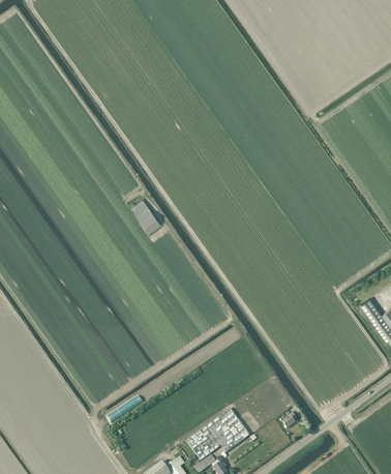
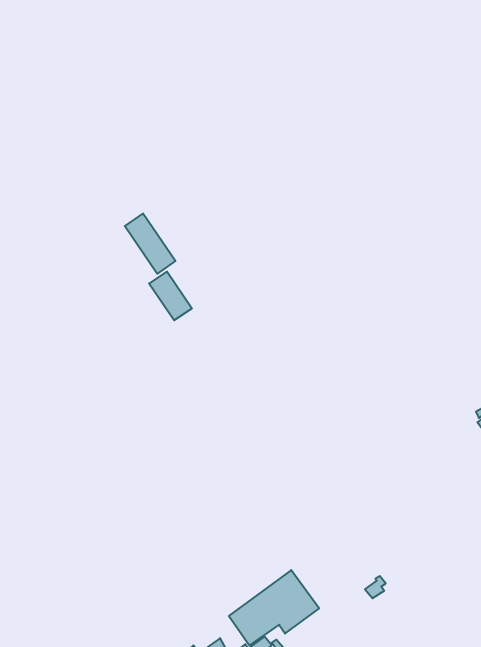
building: none -> [125,213,175,274]

